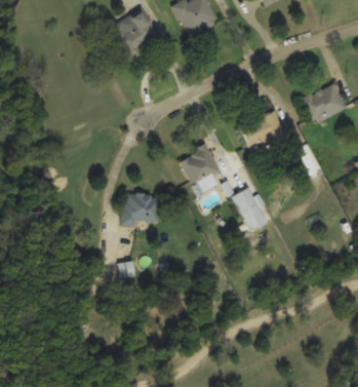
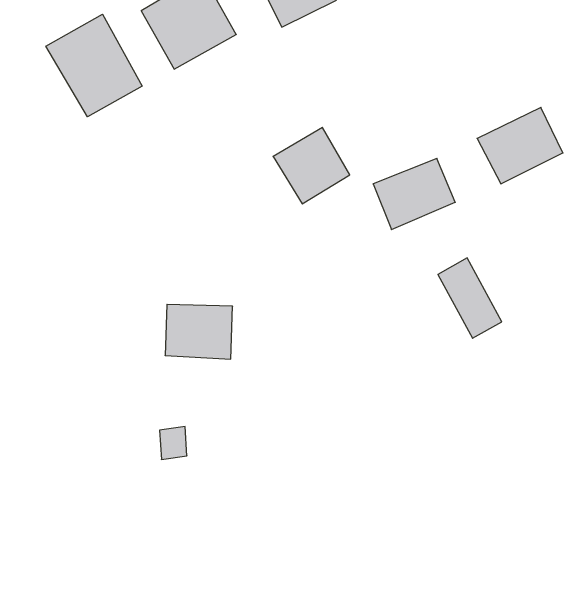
building: none -> [46,14,142,117]
building: [177,144,221,187] -> [273,127,350,204]
building: [231,187,267,232] -> [438,258,502,338]

